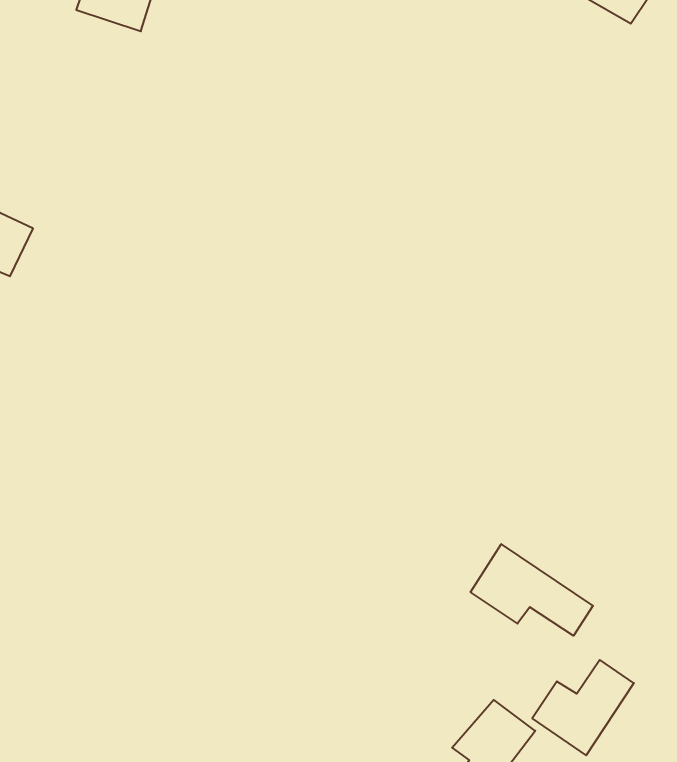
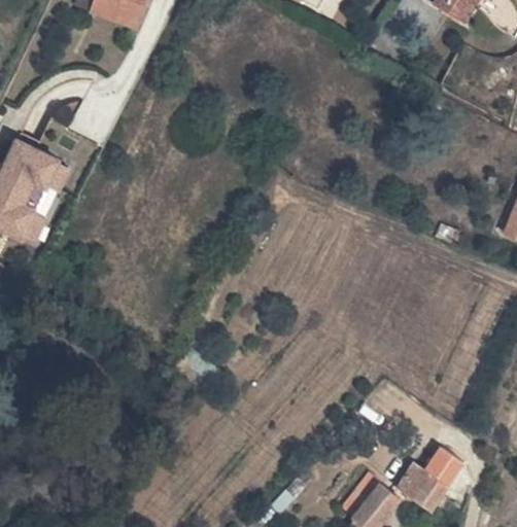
building: [471,544,593,636] -> none

